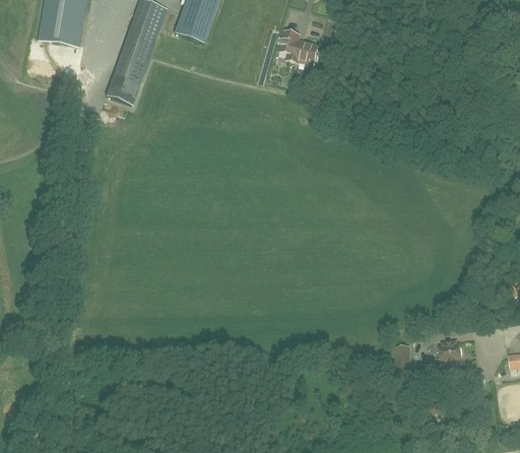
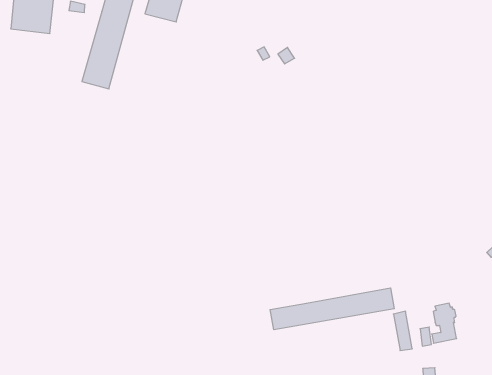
building: [279,29,318,63] -> none
building: none -> [270,288,394,330]

